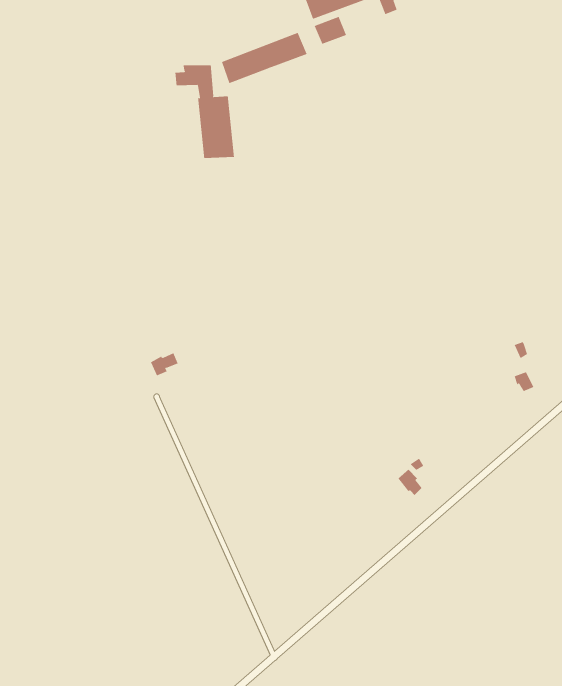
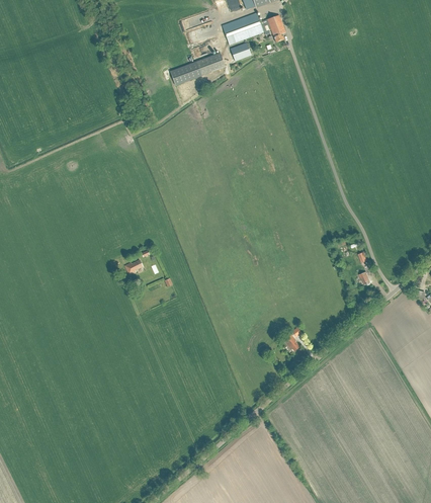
building: [175,64,234,159] -> none

